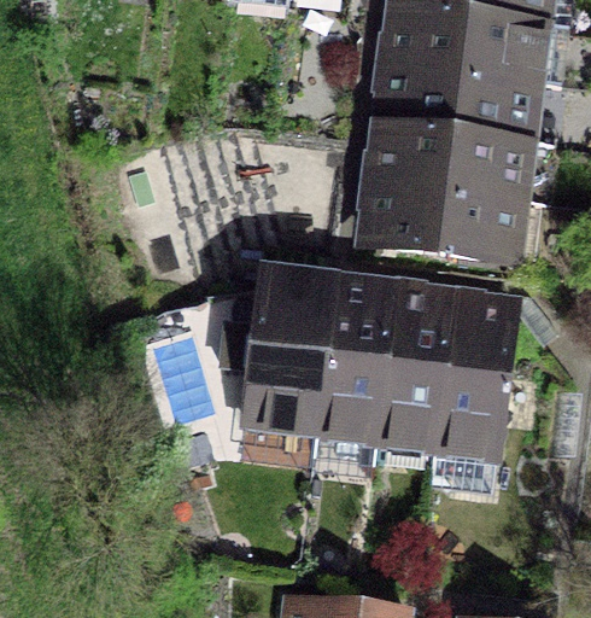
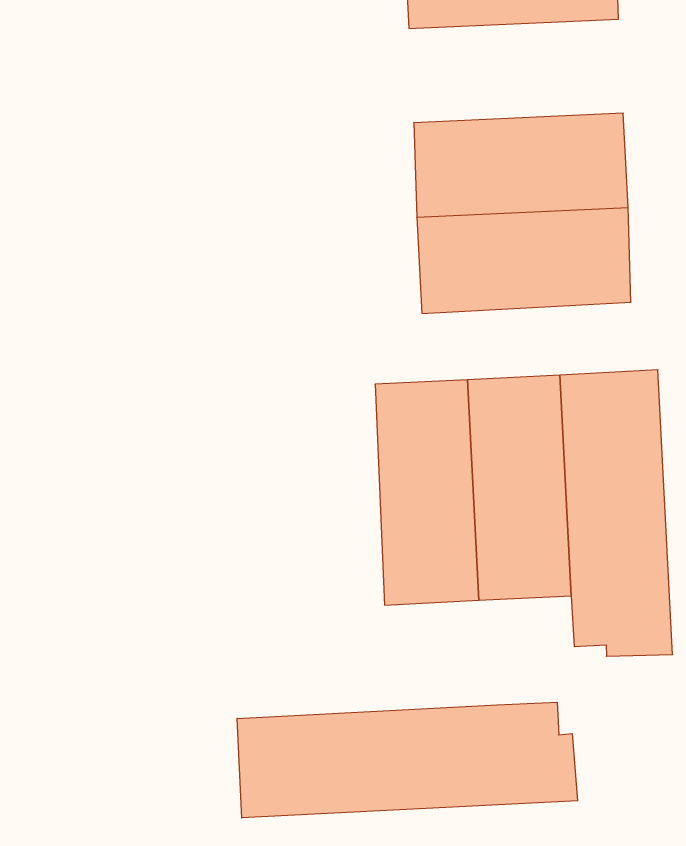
building: [388,63,529,140] -> none
building: [226,276,335,426] -> none
building: none -> [237,702,577,818]

